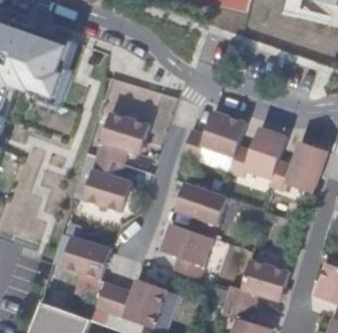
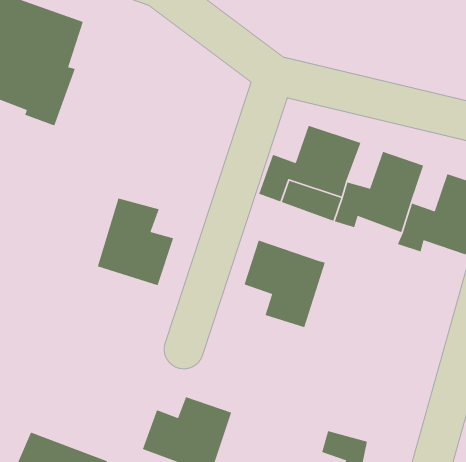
building: [96,111,149,161] -> none
building: [161,222,213,277] -> none
building: [64,236,120,311] -> none
building: [227,258,290,306] -> none

